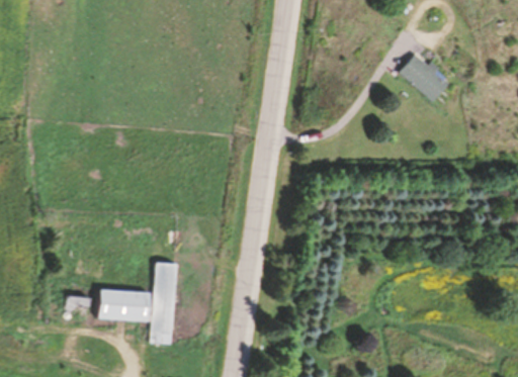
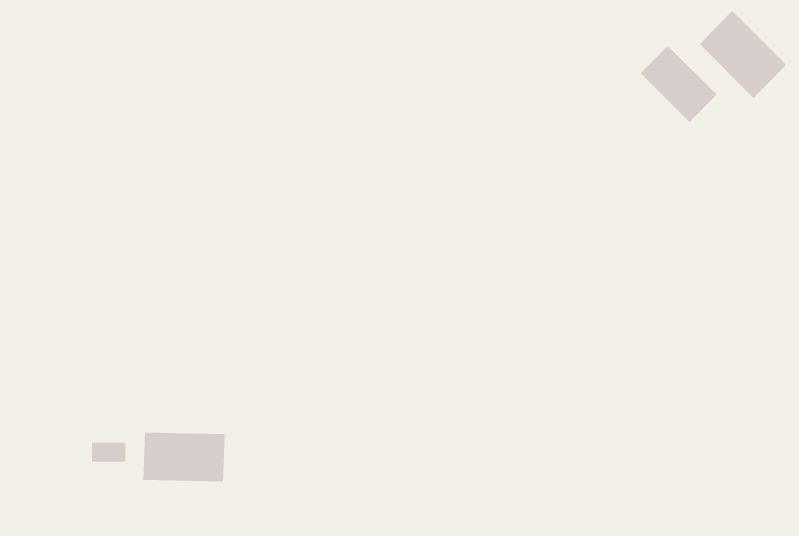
building: none -> [699,10,787,99]
building: [152,262,175,345] -> none

